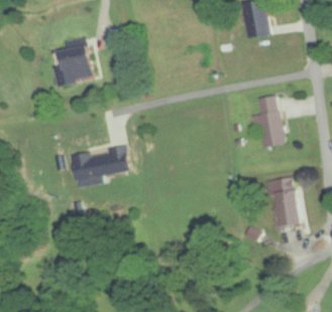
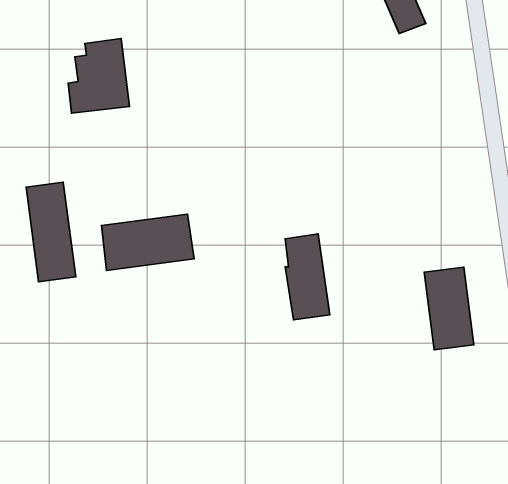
building: [255,95,283,147] -> [285,234,330,320]
building: none -> [26,182,76,282]

